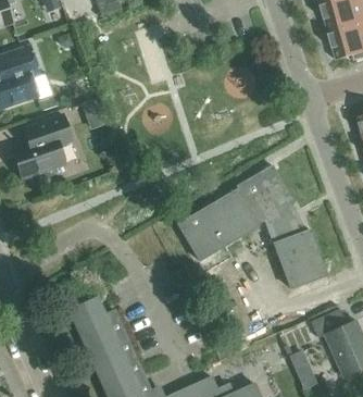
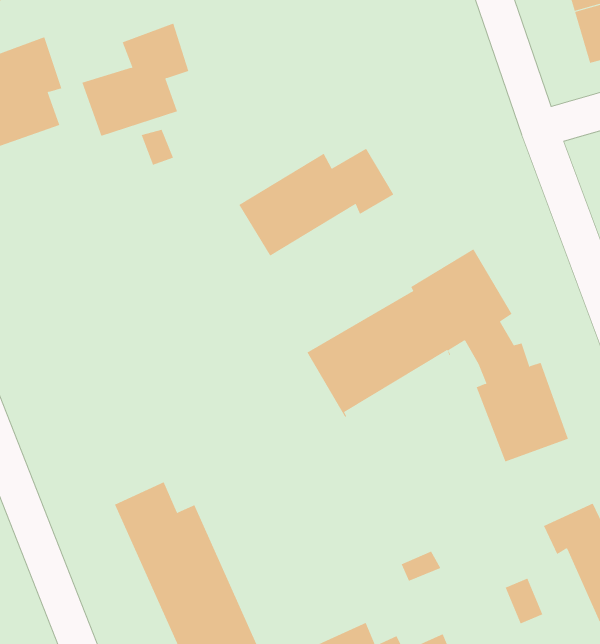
building: none -> [239,148,394,256]
building: [10,113,71,177] -> [82,23,189,137]

